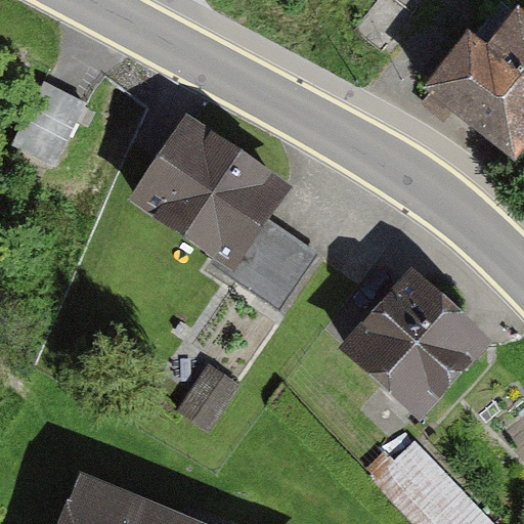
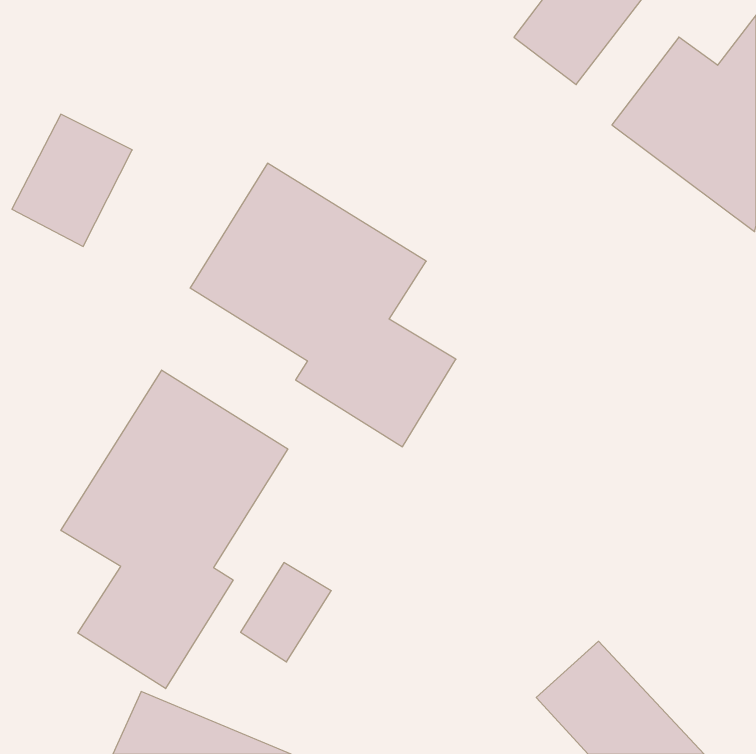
building: none -> [61,370,288,689]
building: [340,273,494,427] -> none

